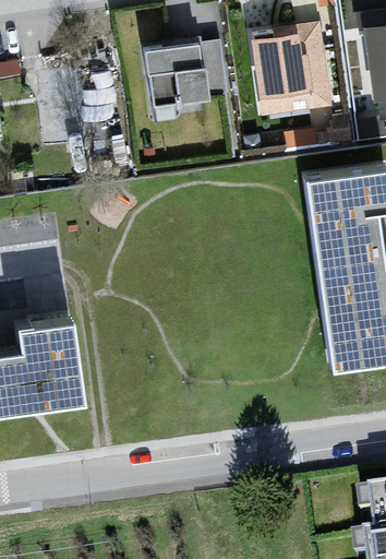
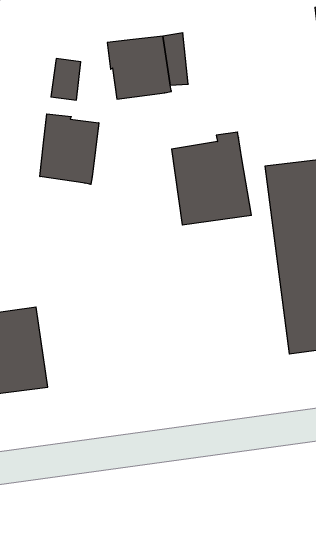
building: [251,25,333,120] -> [172,132,251,225]
building: none -> [40,114,99,184]

